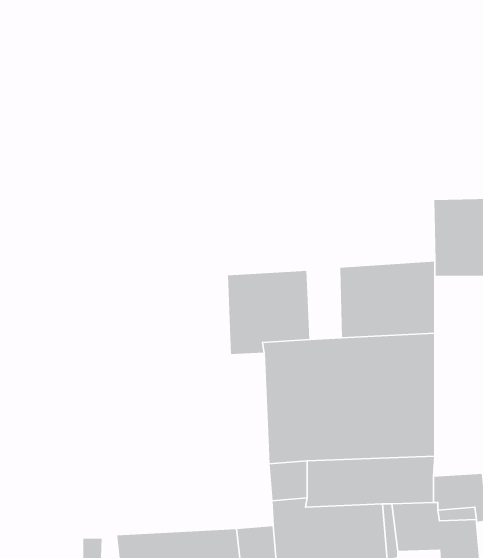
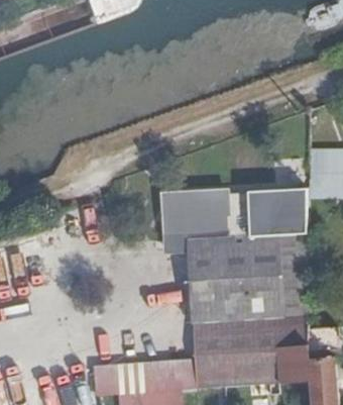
building: none -> [218,193,240,239]

